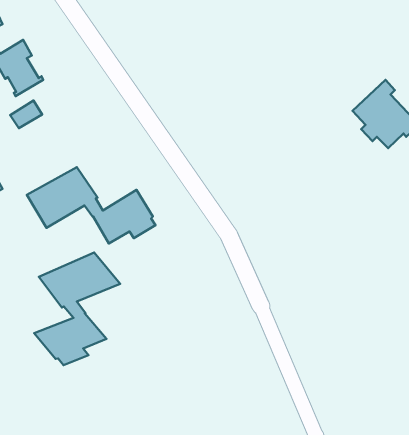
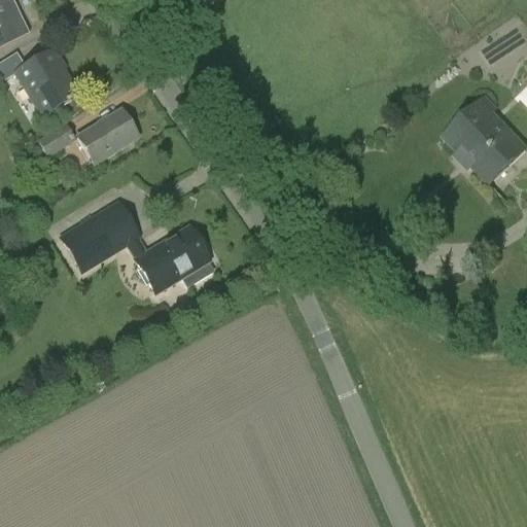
building: none -> [77,109,137,163]
building: [34,252,120,365] -> none

